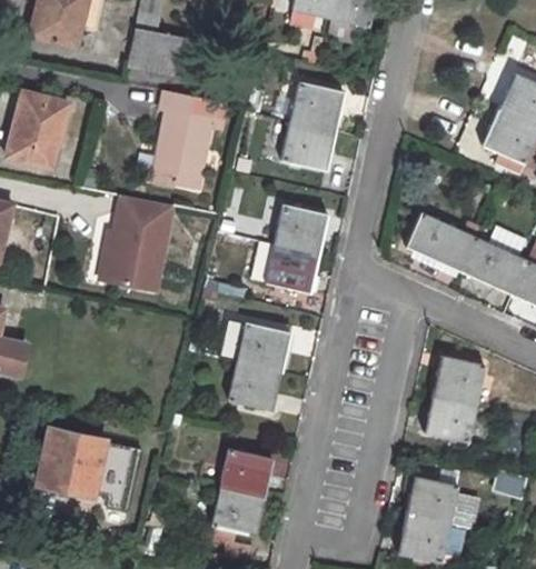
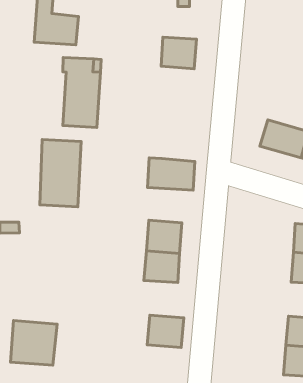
building: [284,121,336,169] -> none
building: [276,206,328,253] -> none
building: [214,487,266,535] -> none

